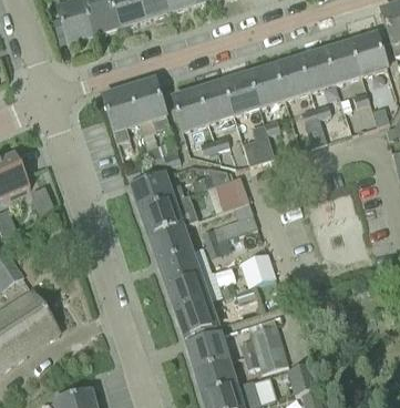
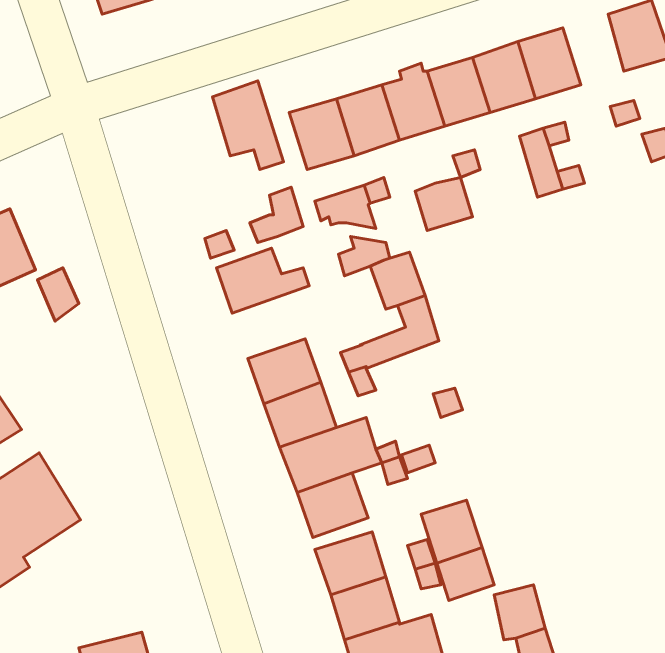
building: [327,42,361,82] -> none
building: [103,89,140,142] -> none
building: [141,194,197,236] -> none

